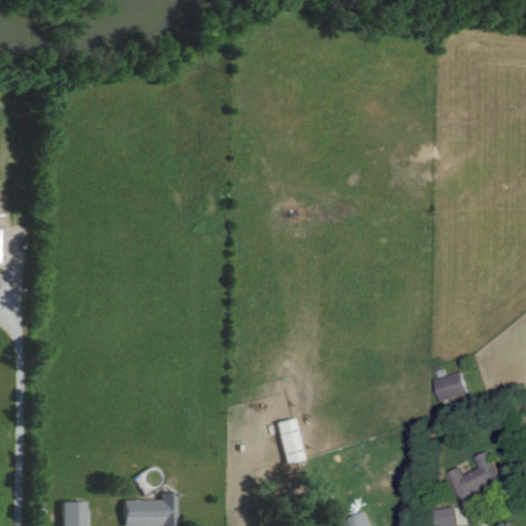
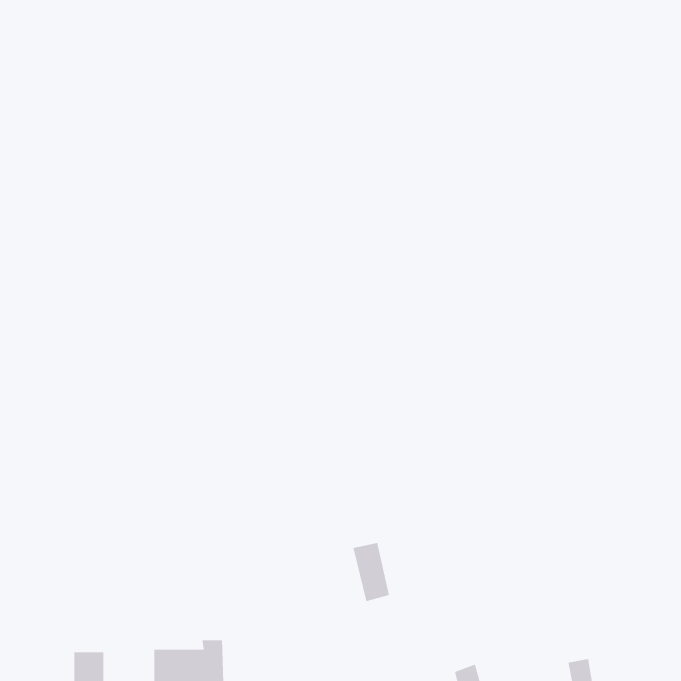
building: [436,372,469,402] -> none
building: [450,451,503,500] -> none

